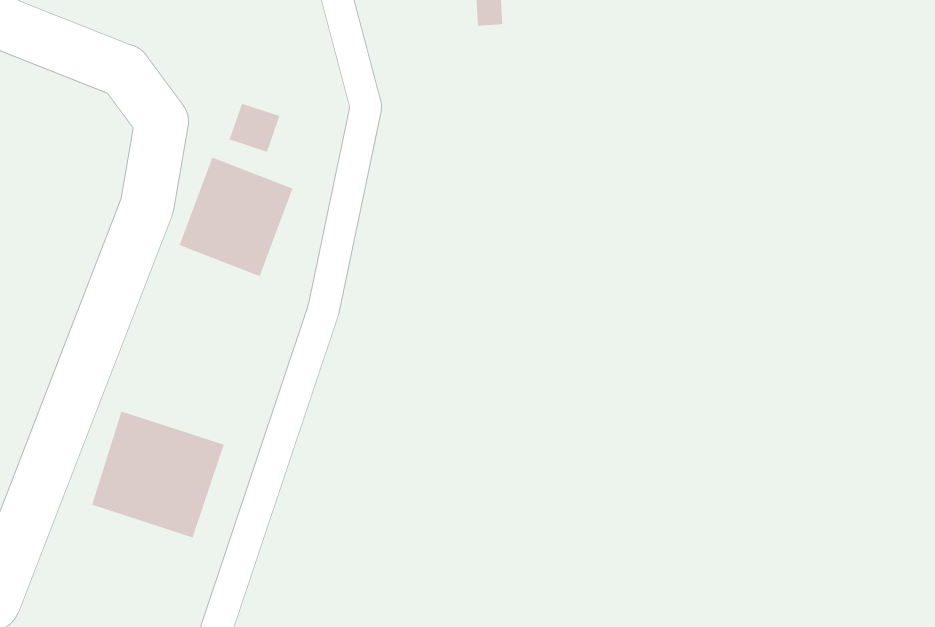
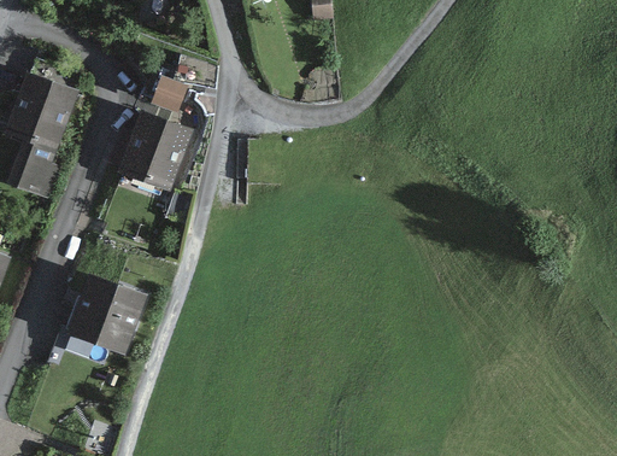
building: none -> [10,83,71,201]

